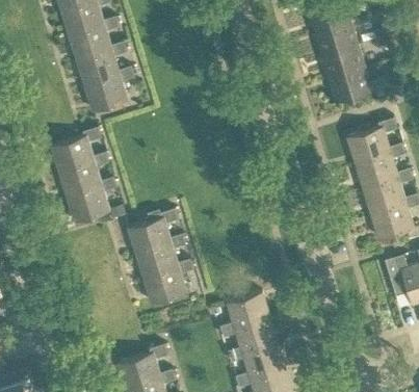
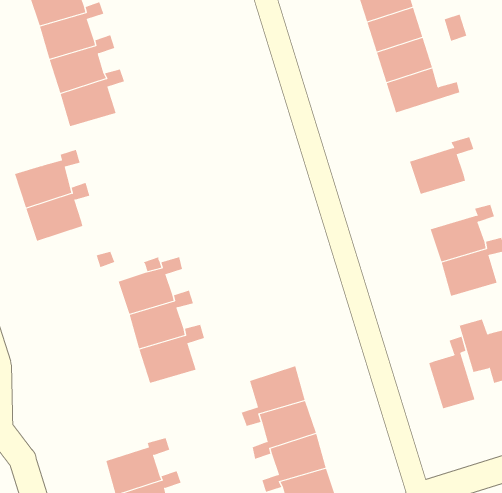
building: [356,143,403,188] -> none
building: [67,178,115,223] -> none
building: none -> [429,336,475,409]

